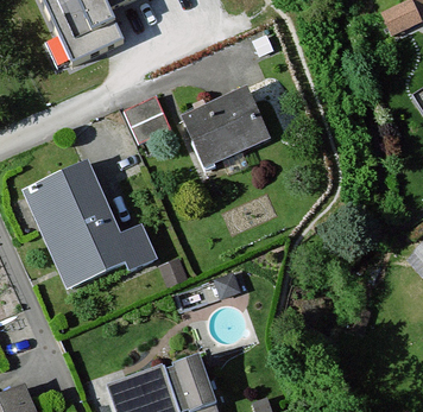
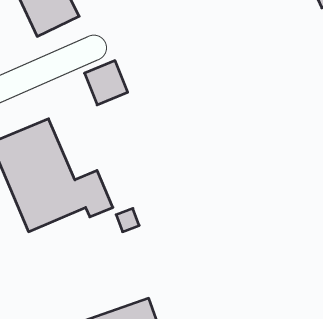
building: [184,90,272,171] -> none

